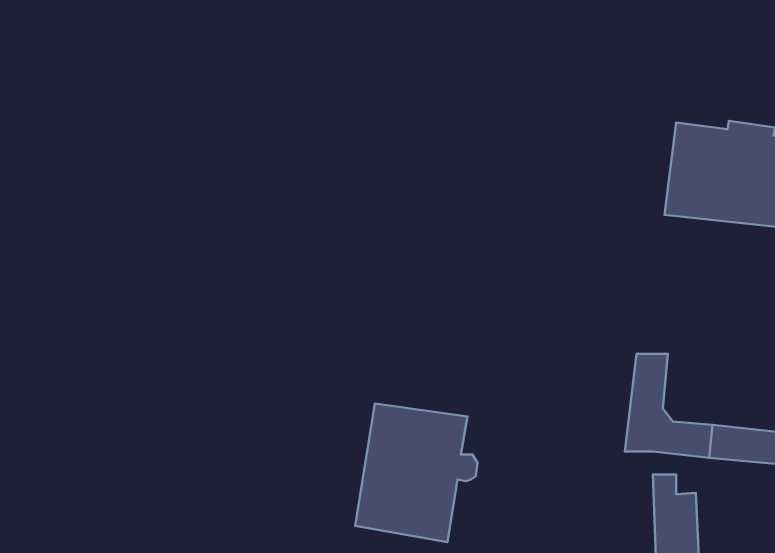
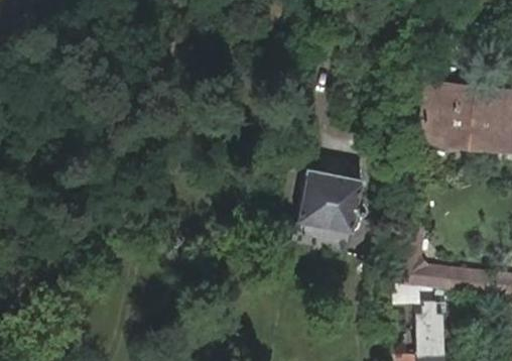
building: [355,403,477,542] -> [293,169,368,254]

